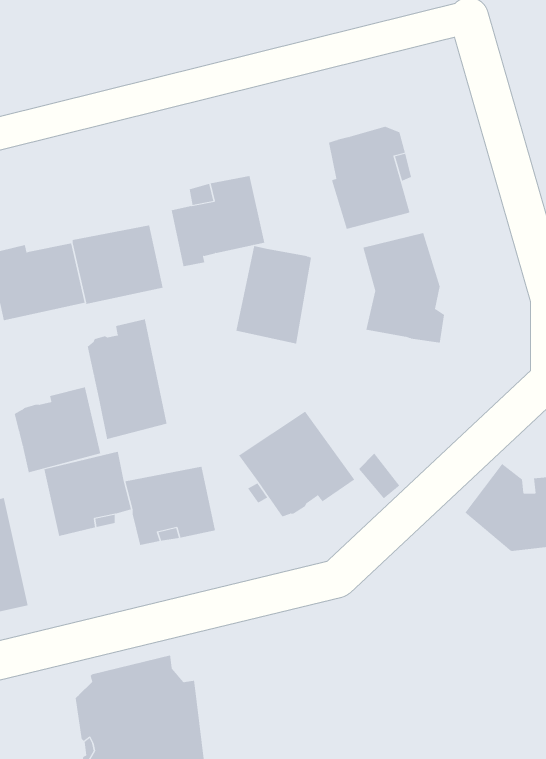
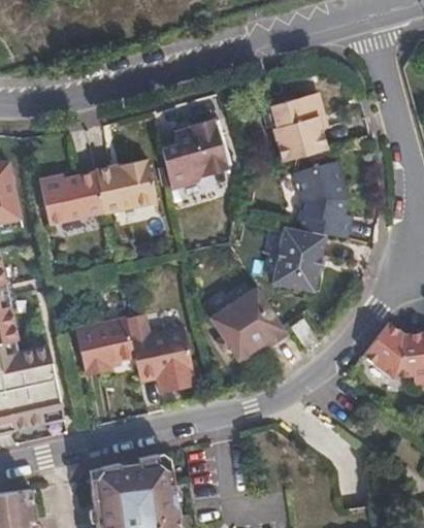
building: [235,245,312,344] -> [273,228,326,296]
building: [87,318,167,440] -> none
building: [14,386,101,473] -> none

